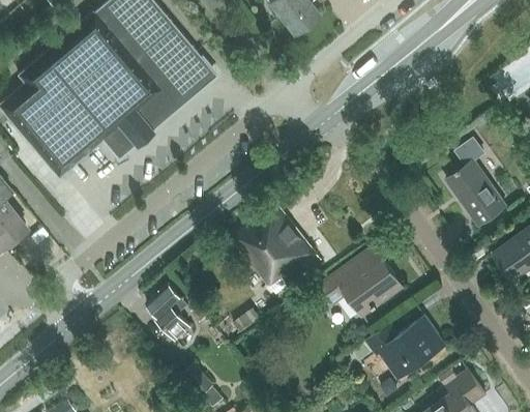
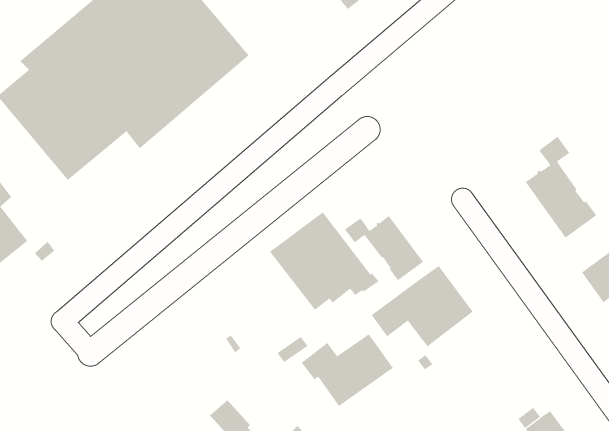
building: none -> [344,215,424,281]
building: [145,284,192,341] -> none
building: [365,318,444,380] -> [301,334,394,407]

